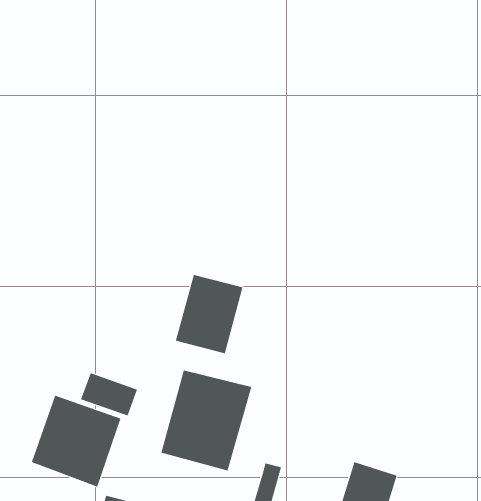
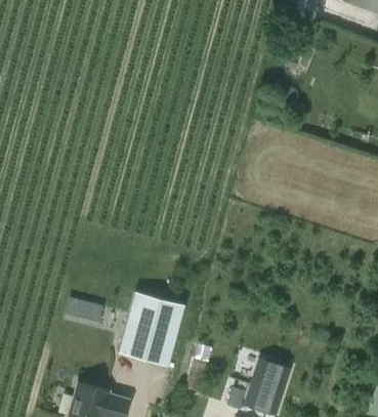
building: [175,274,243,354] -> none
building: [31,395,121,487] -> none

